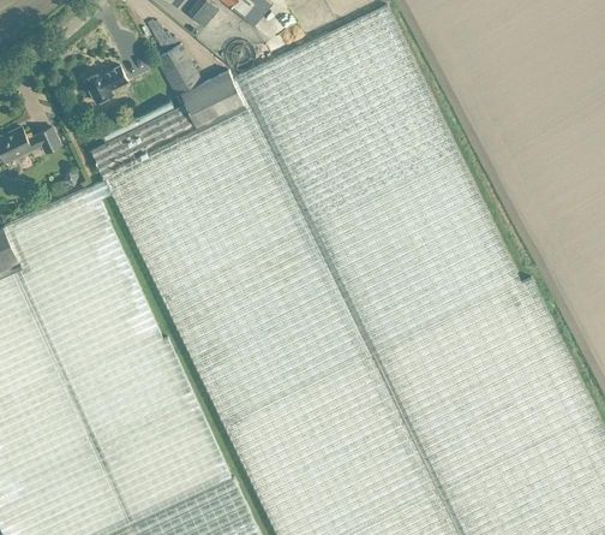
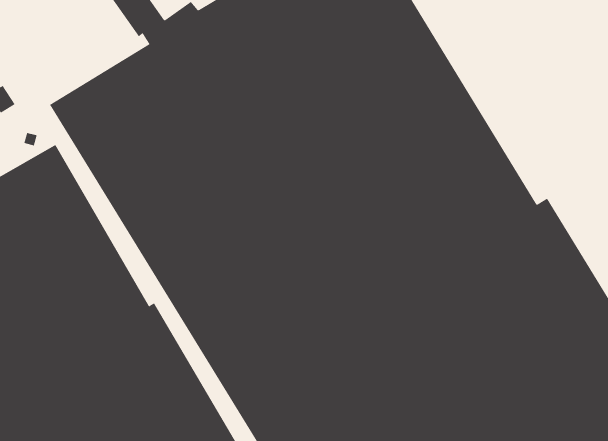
building: [84,67,127,103] -> none

